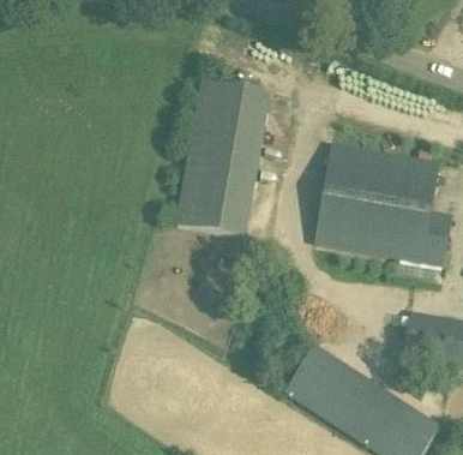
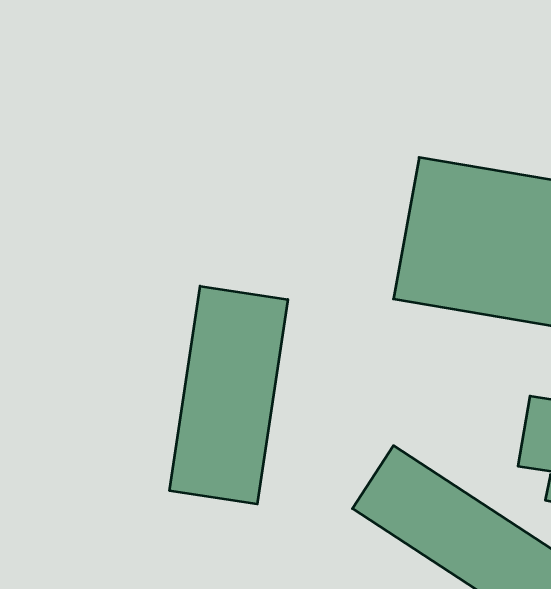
building: [170,78,264,232] -> none
building: none -> [170,286,288,504]

